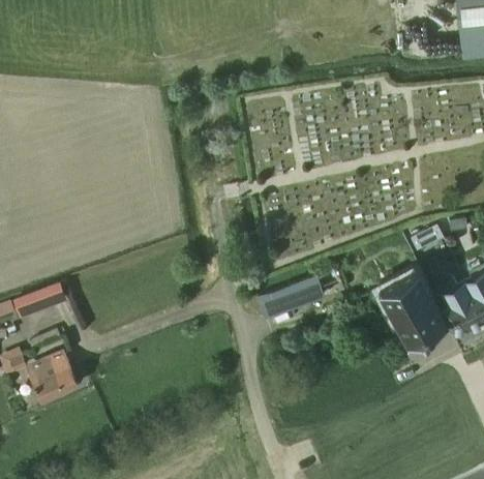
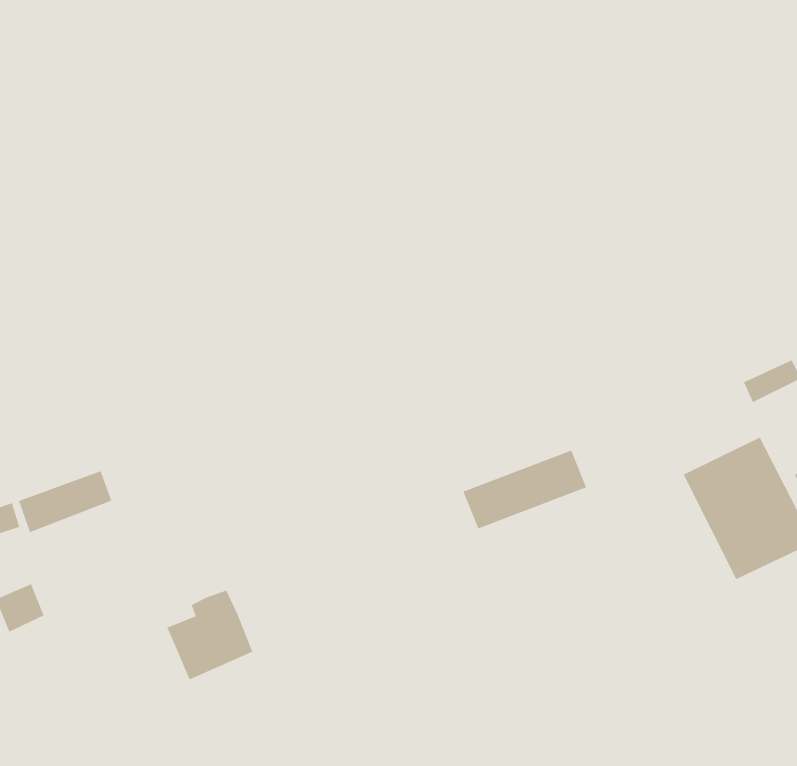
building: [30,350,78,399] -> [167,590,253,680]

